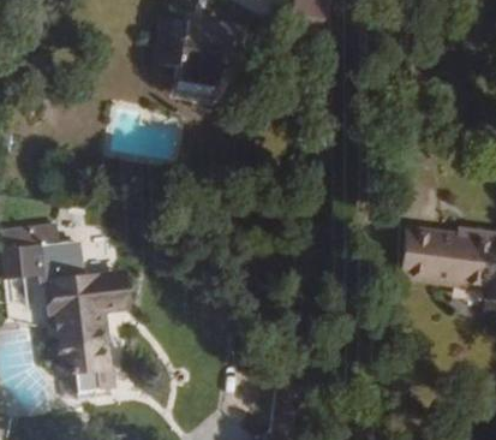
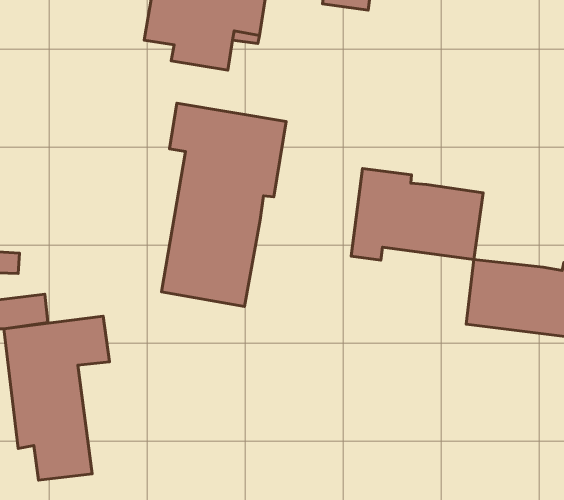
building: none -> [162,103,286,306]
building: none -> [351,169,483,260]

